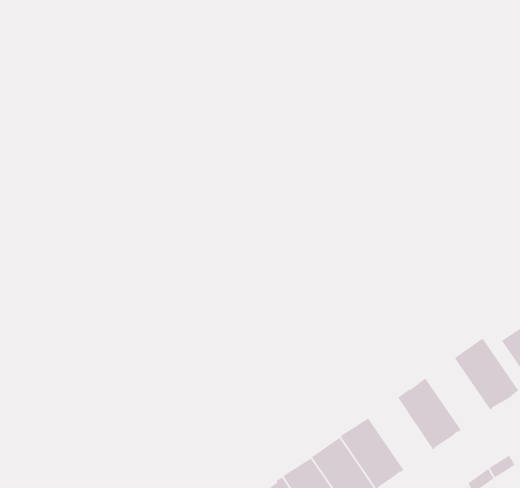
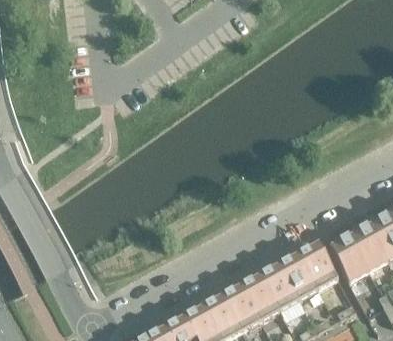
building: none -> [280,253,318,298]
building: none -> [242,273,280,319]

